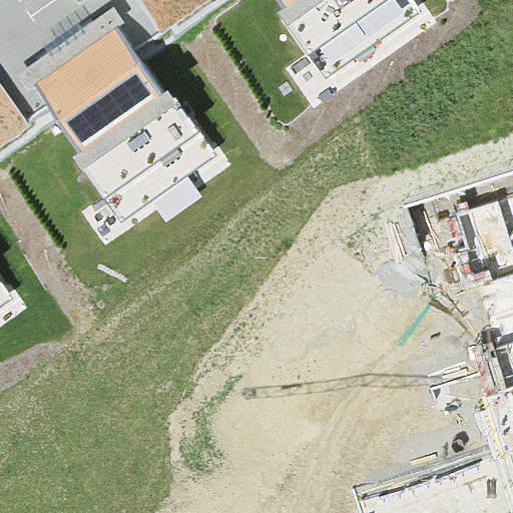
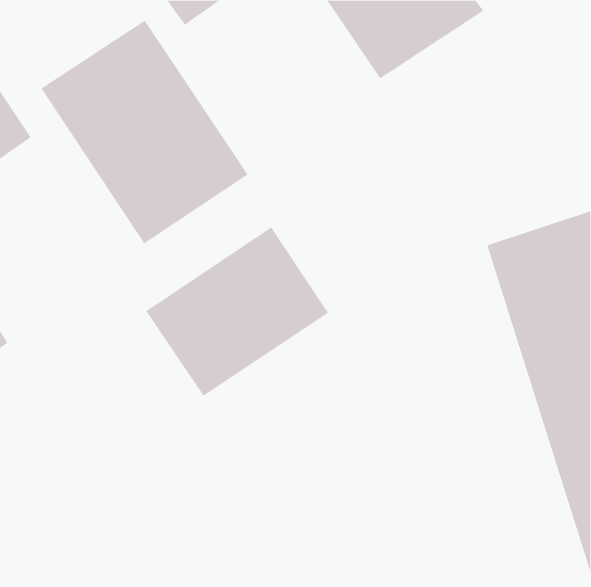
building: none -> [146,227,329,397]

